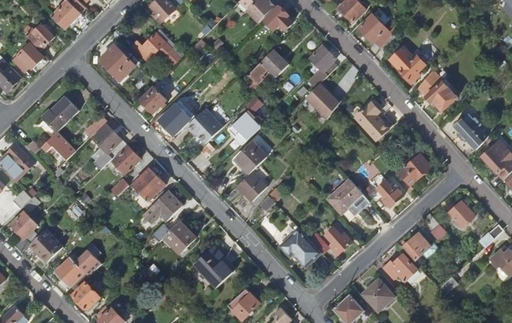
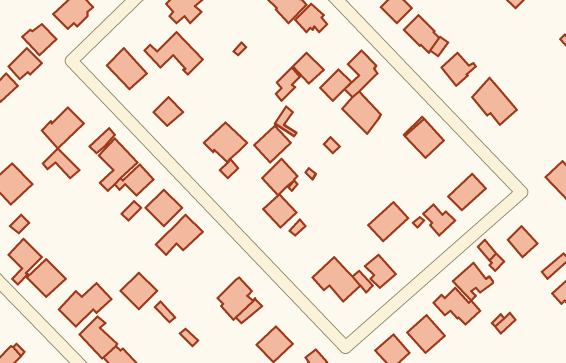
building: none -> [320,69,351,101]
building: [158,102,192,135] -> none
building: [454,113,483,150] -> none
building: [163,221,195,253] -> [121,273,157,309]

